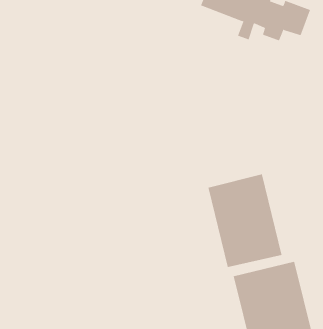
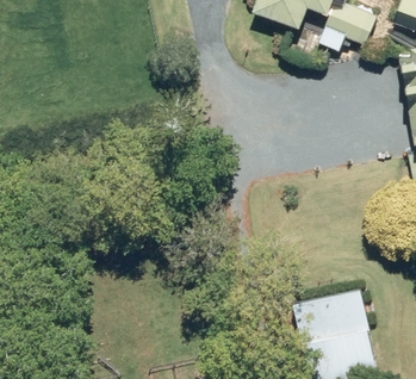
building: [208,174,282,268] -> none

